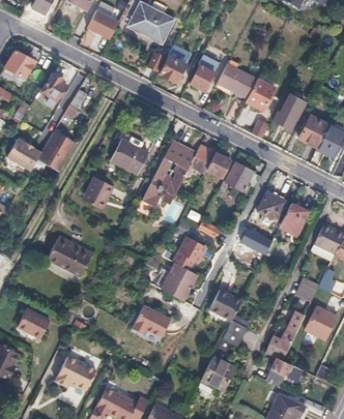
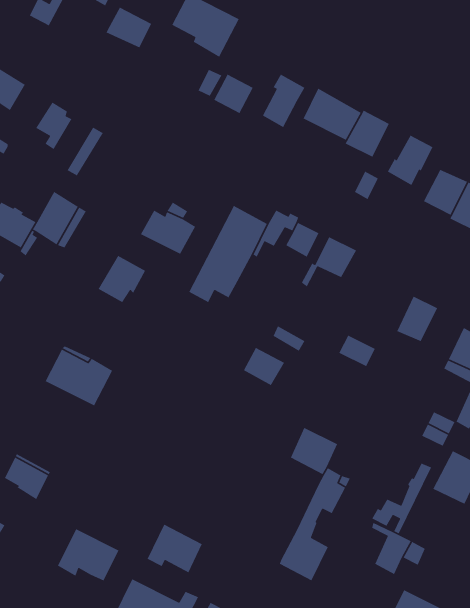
building: [257,190,286,220] -> none
building: [160,263,197,300] -> none
building: [134,304,171,337] -> [147,523,203,573]

